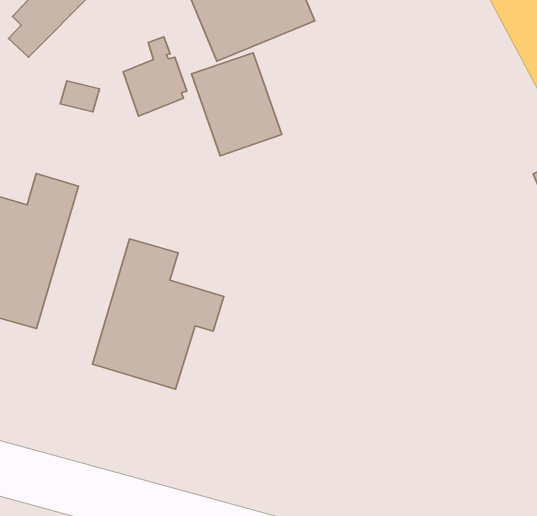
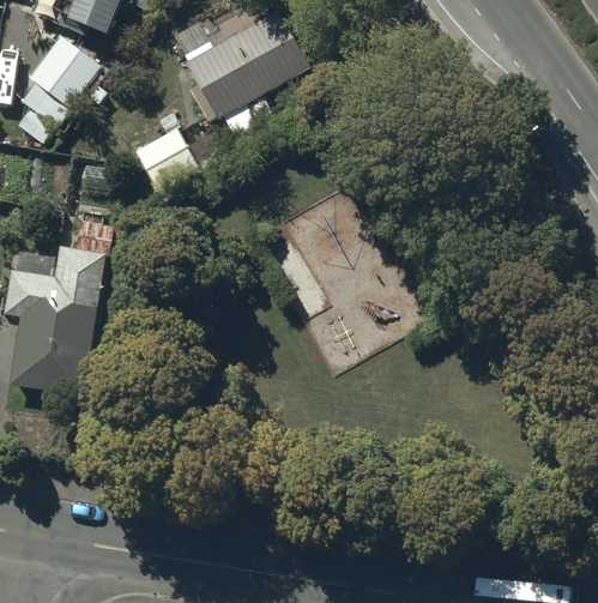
building: [192,53,282,156] -> none
building: [93,239,224,389] -> none

